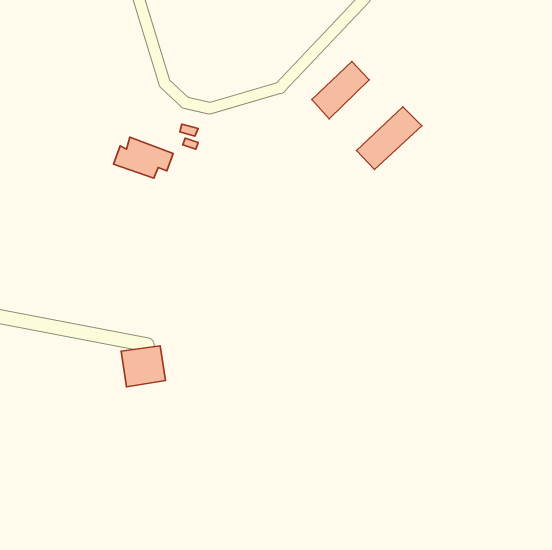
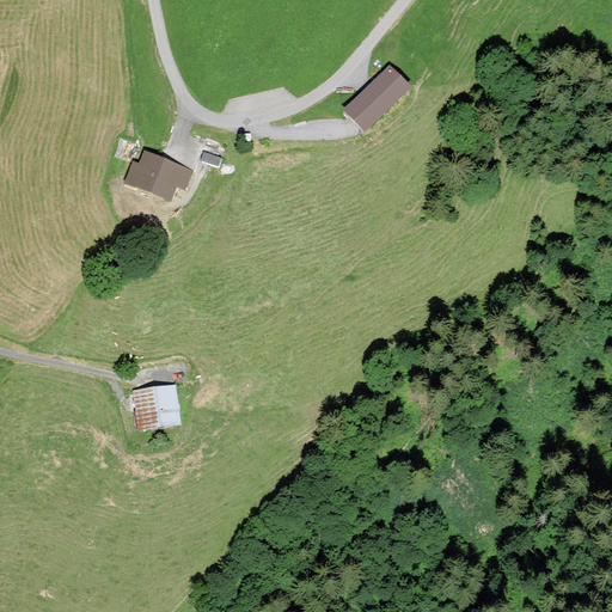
building: [357,107,422,169] -> none

